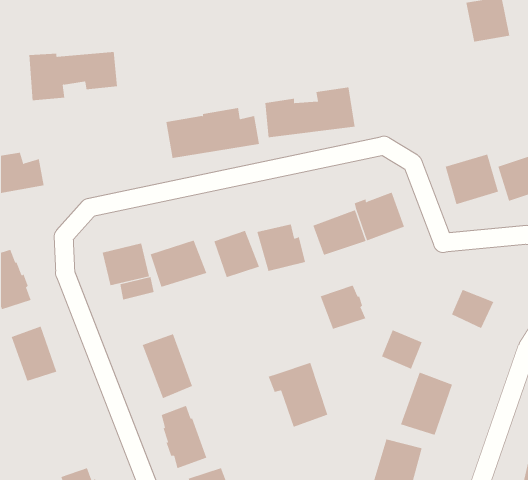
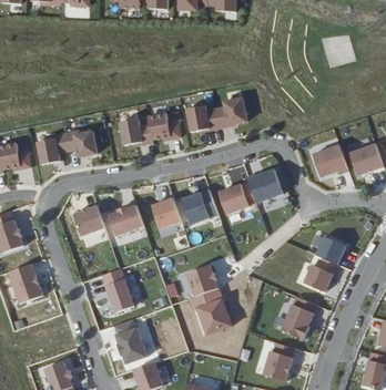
building: [29,52,118,101] -> [35,130,98,164]
building: [320,285,366,330] -> [185,265,217,296]
building: [381,330,423,369] -> [303,265,332,292]

